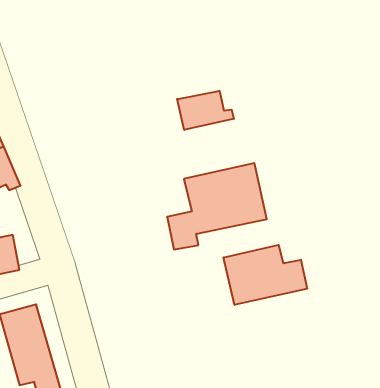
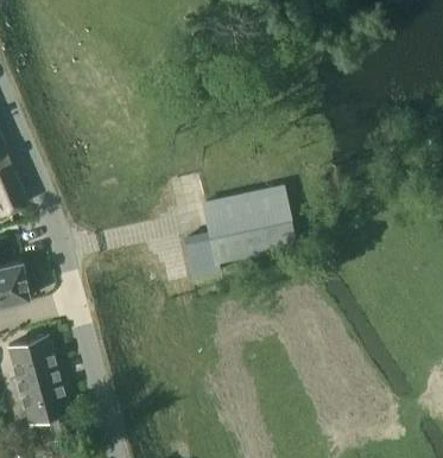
building: [177,91,234,130] -> none
building: [224,245,307,305] -> none

